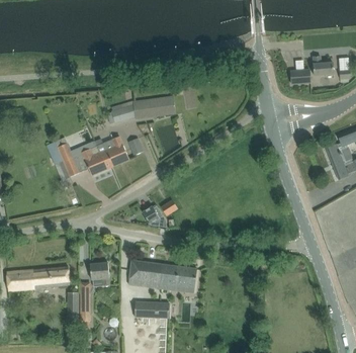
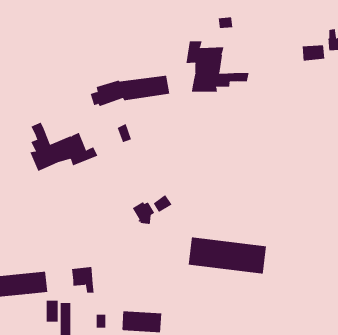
building: none -> [186,41,249,93]
building: [97,136,129,166] -> none
building: [128,260,197,292] -> [188,237,267,274]

